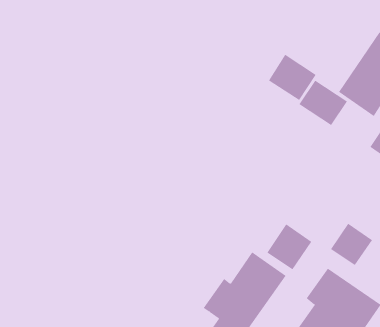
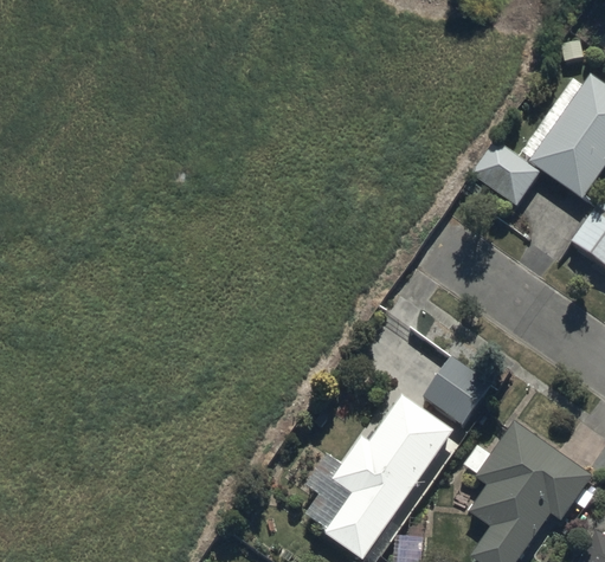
building: [268,54,317,101] -> none
building: [330,223,373,266] -> none

